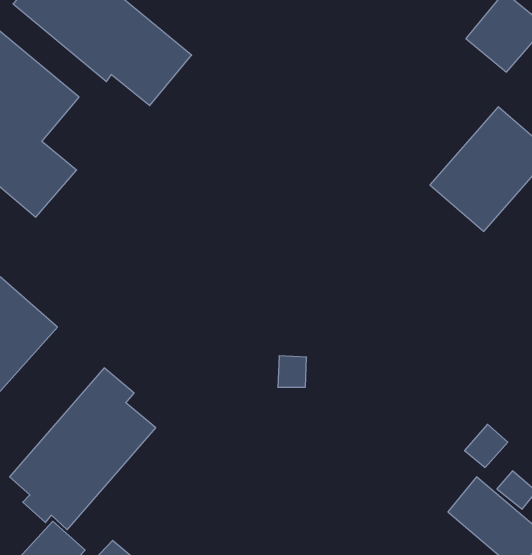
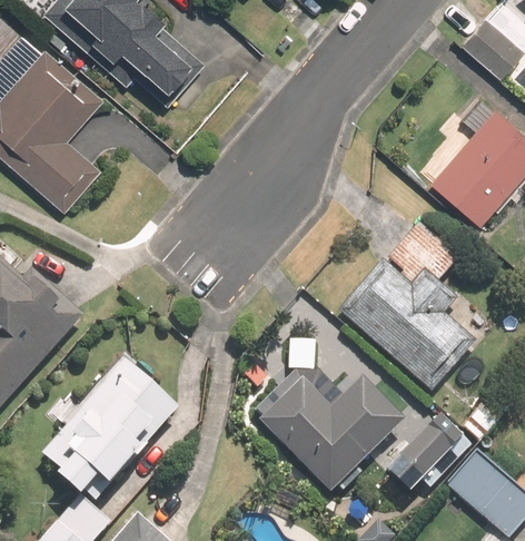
building: none -> [340,224,474,394]
building: none -> [252,372,404,492]
building: none -> [384,414,472,496]

